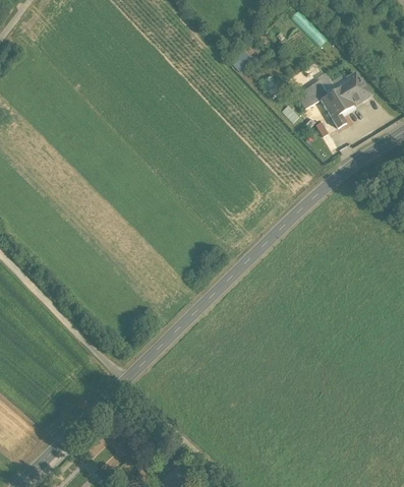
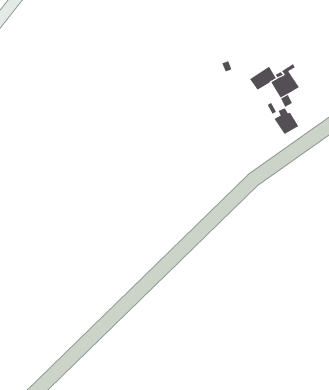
building: [342,72,371,104] -> [273,107,299,135]

